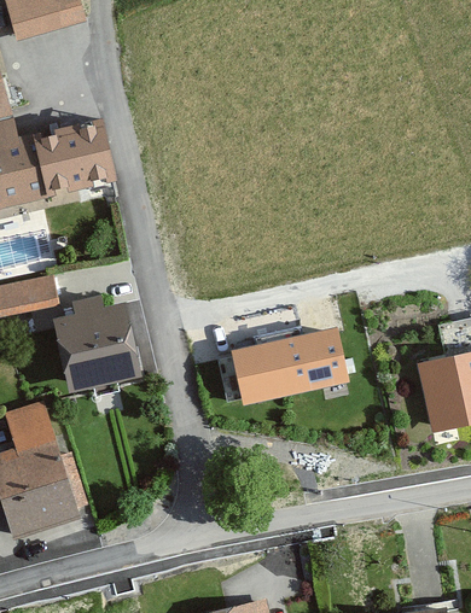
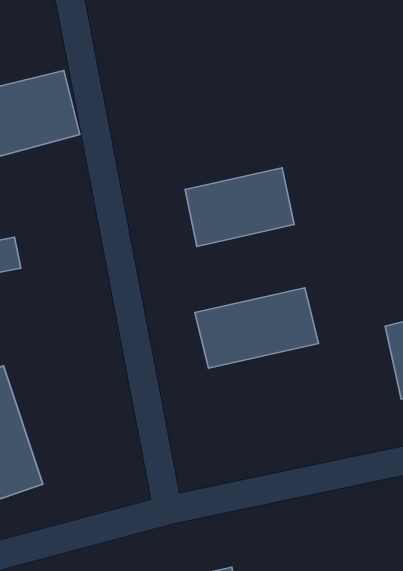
building: none -> [185,168,294,246]
building: [52,293,143,391] -> none

